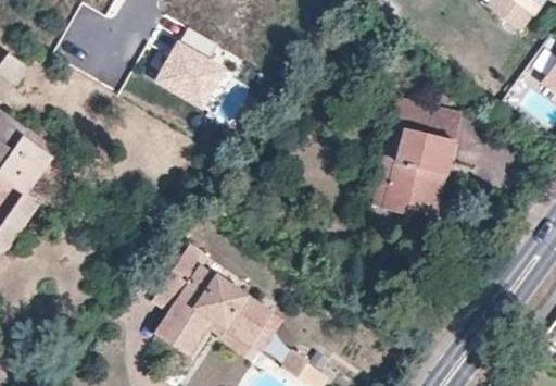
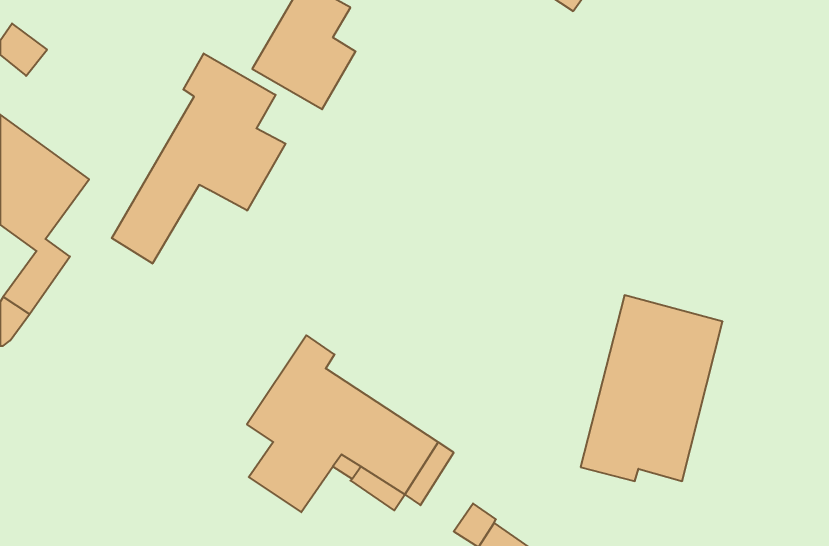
building: none -> [112,53,286,264]
building: [372,98,460,213] -> [581,295,723,481]

